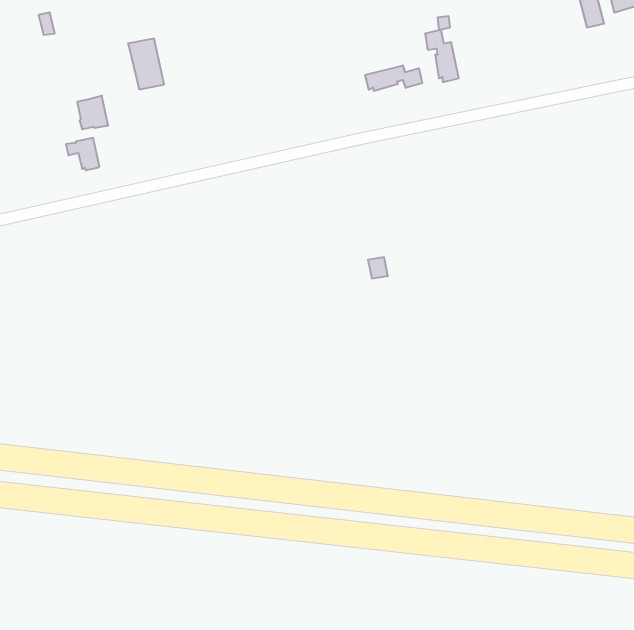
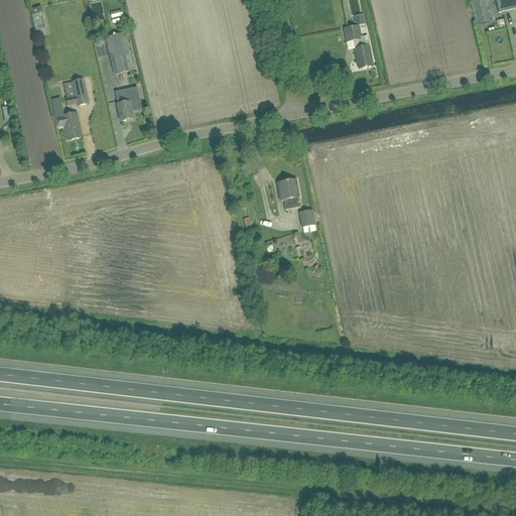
building: [365,65,422,91] -> none
building: none -> [116,87,141,120]
building: none -> [277,178,300,209]

